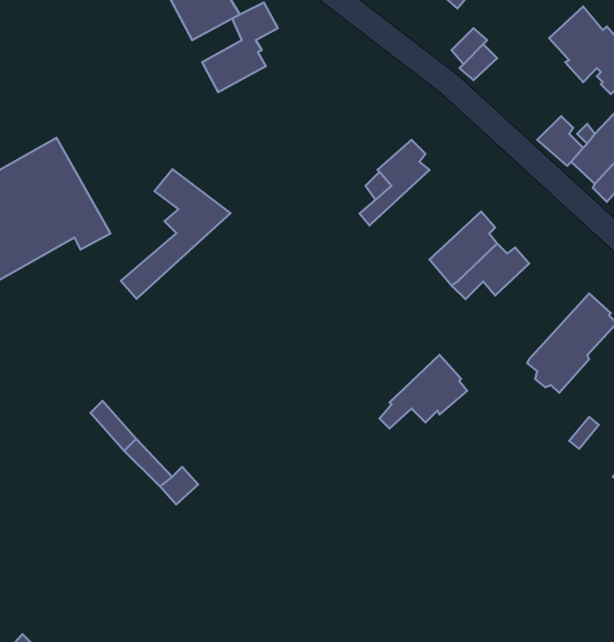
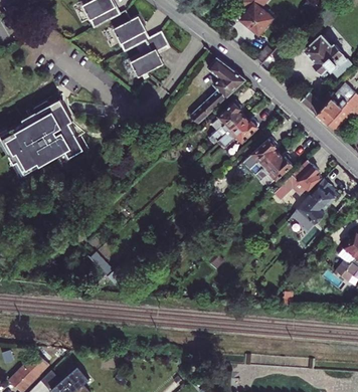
building: [121,169,230,299] -> [190,58,245,124]
building: none -> [214,117,257,149]
building: [380,355,467,429] -> [276,161,320,198]

